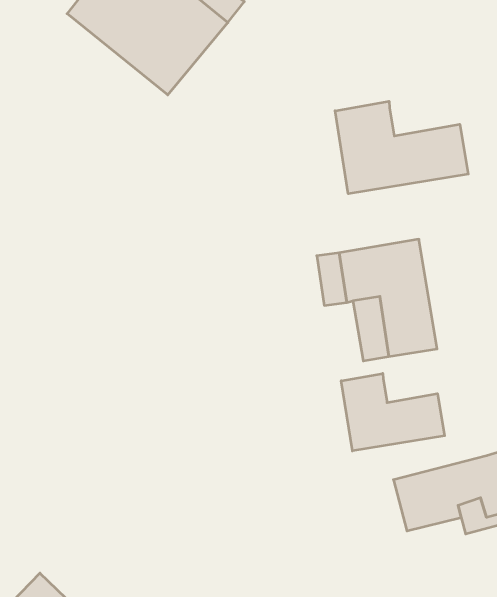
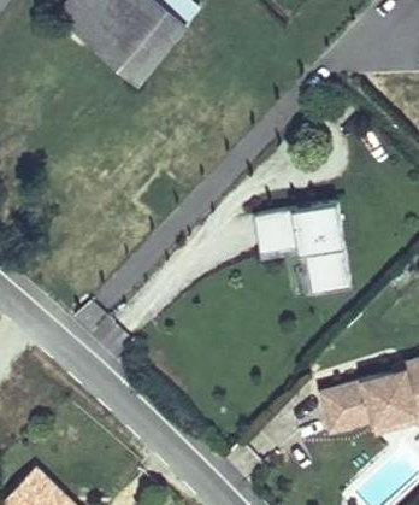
building: [335,101,468,194] -> none
building: [341,373,445,451] -> none

